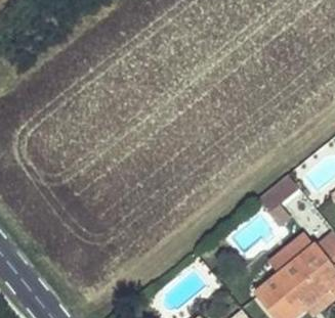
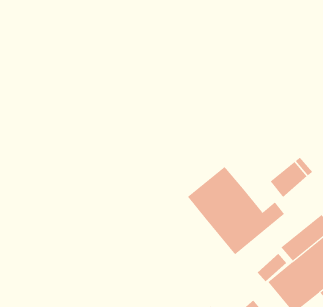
building: none -> [187,166,285,255]

